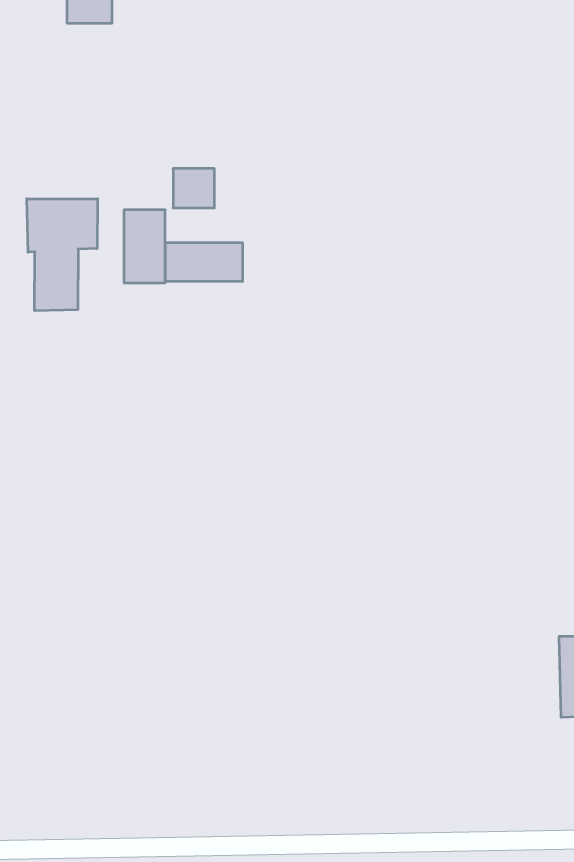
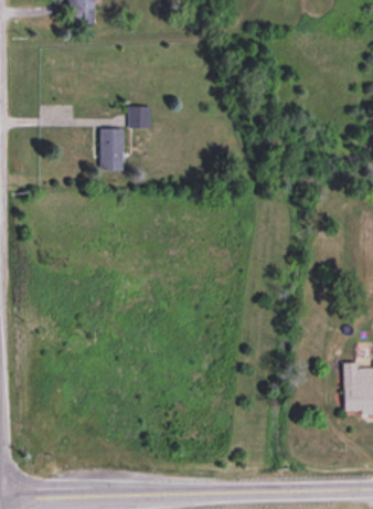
building: [27,199,98,311] -> none
building: [165,243,242,282] -> none

